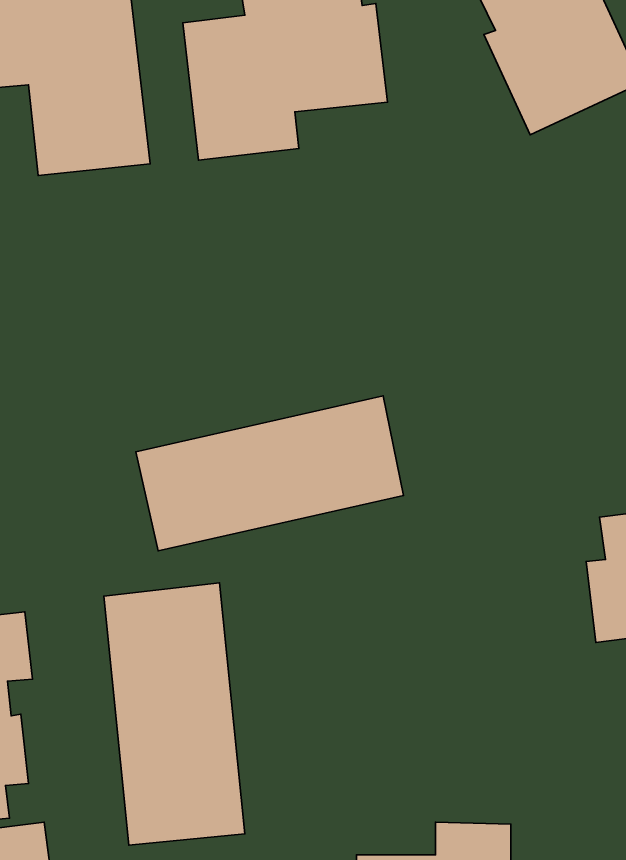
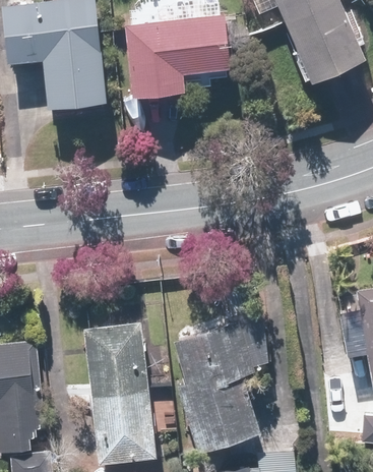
building: [136,396,404,551] -> none
building: none -> [171,308,270,451]

